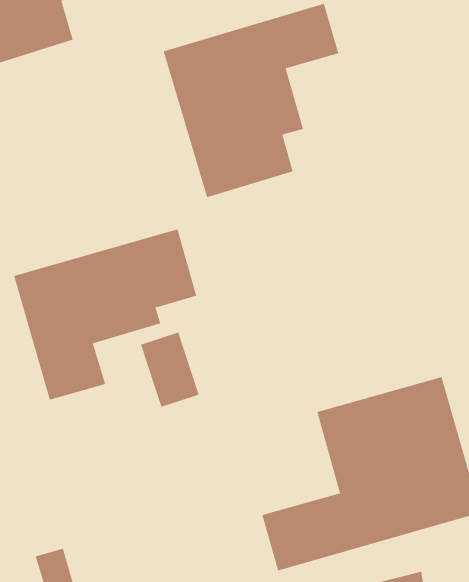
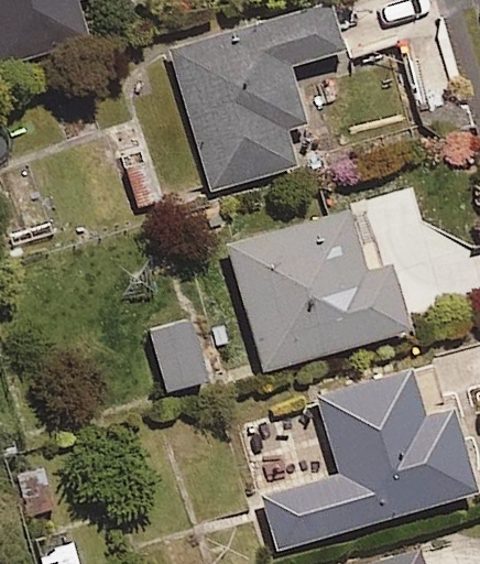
building: none -> [229,206,403,370]
building: [14,228,197,401] -> none

